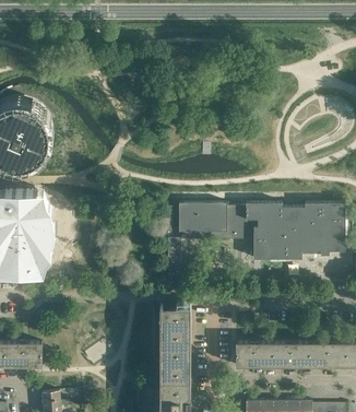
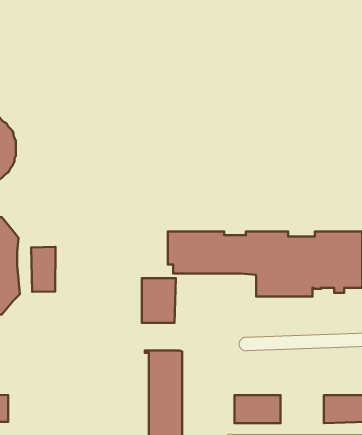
building: none -> [31,247,55,292]
building: none -> [142,278,176,323]
building: [274,343,311,367] -> none

